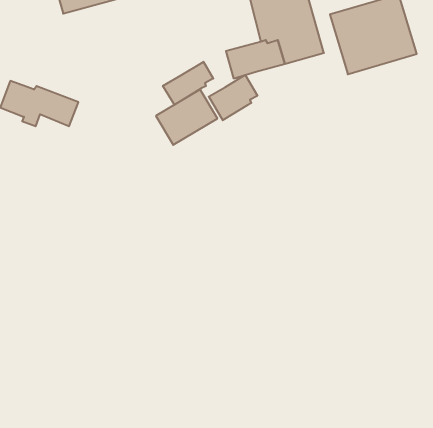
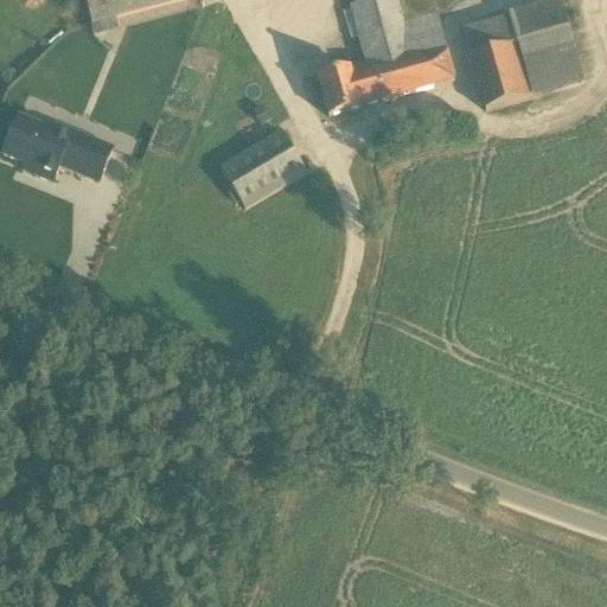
building: [163,62,213,105] -> none
building: [209,75,257,120] -> none

